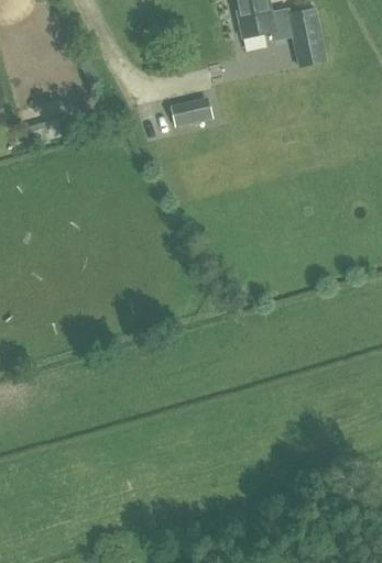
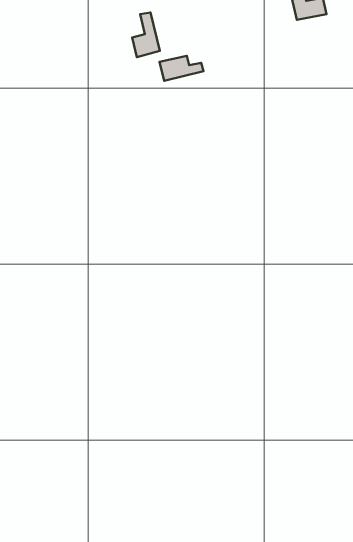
building: none -> [132,13,160,57]

